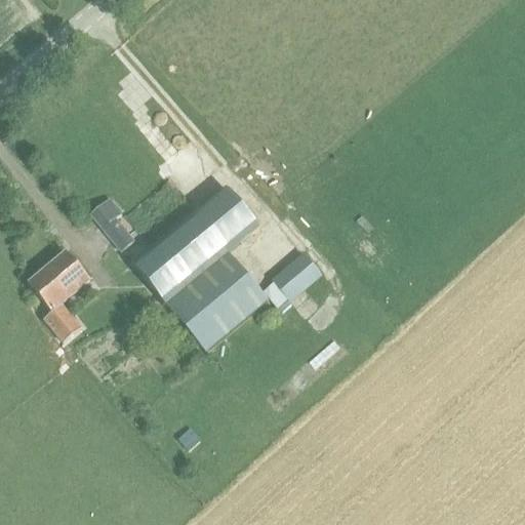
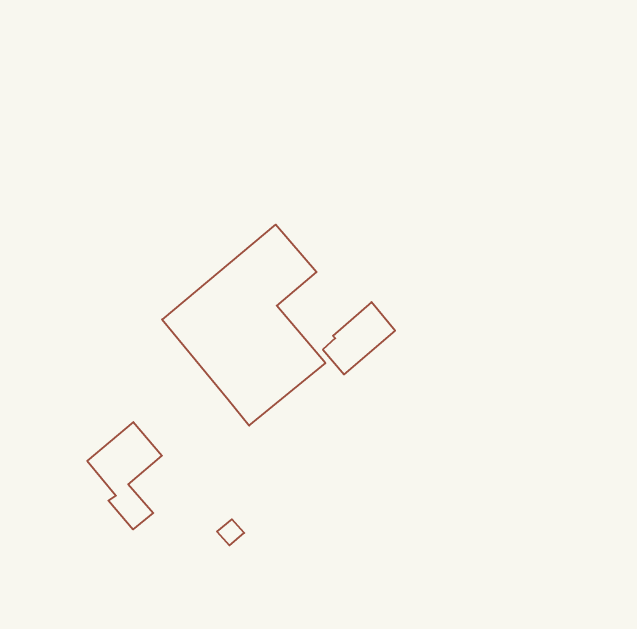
building: [94,201,134,248] -> none
building: [29,249,90,337] -> [87,422,162,529]

